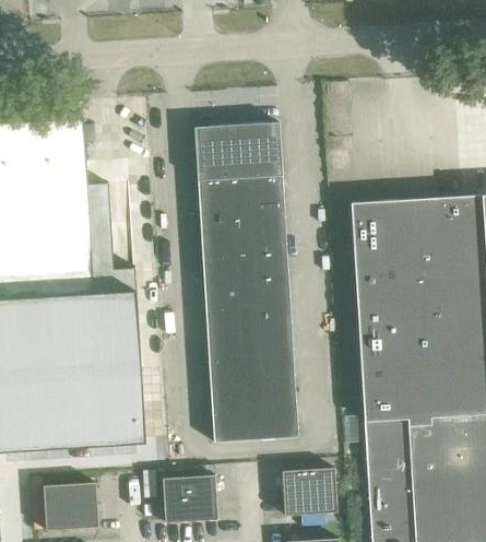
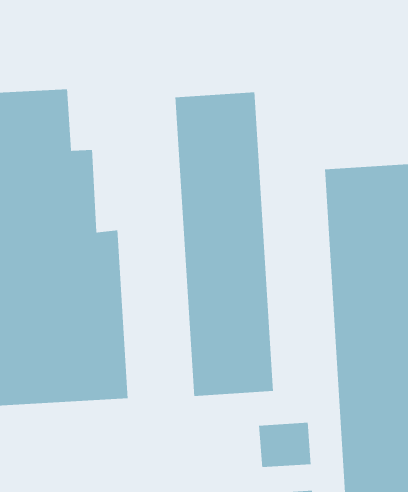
building: [162,475,216,522] -> none
building: [43,483,97,530] -> none

